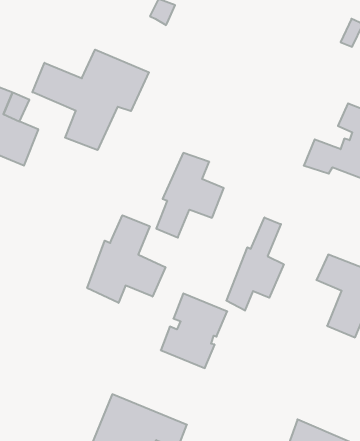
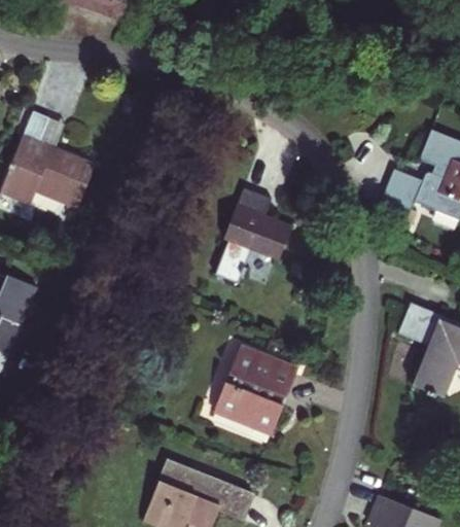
building: [32,50,149,150] -> none
building: [87,215,165,303] -> none
building: [226,217,284,311] -> none

